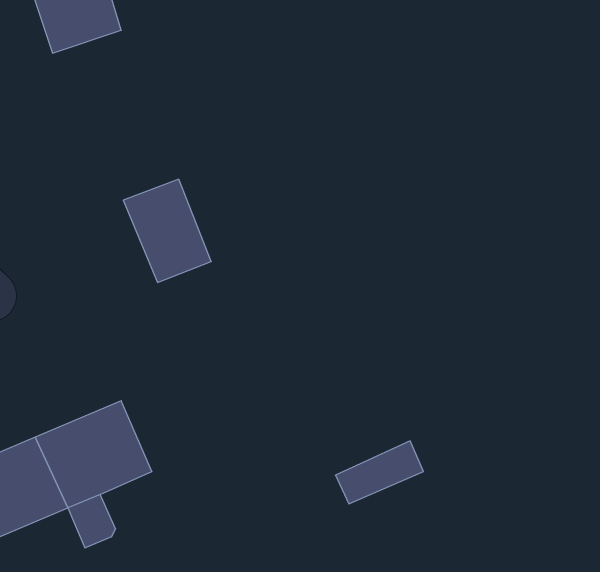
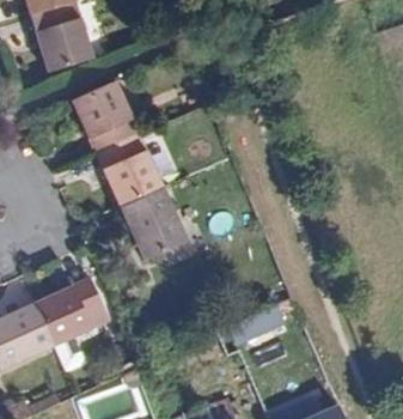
building: none -> [67,81,127,154]
building: none -> [114,193,171,262]

